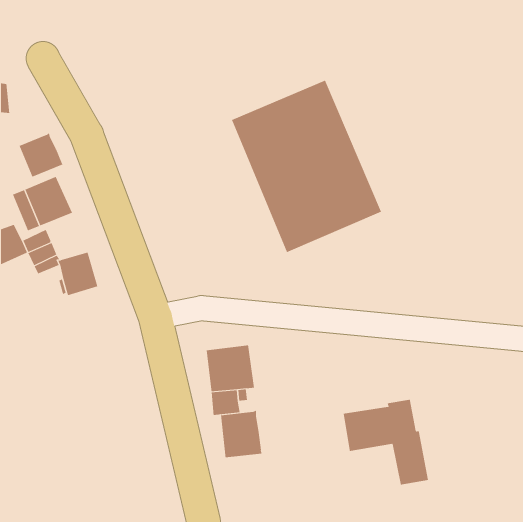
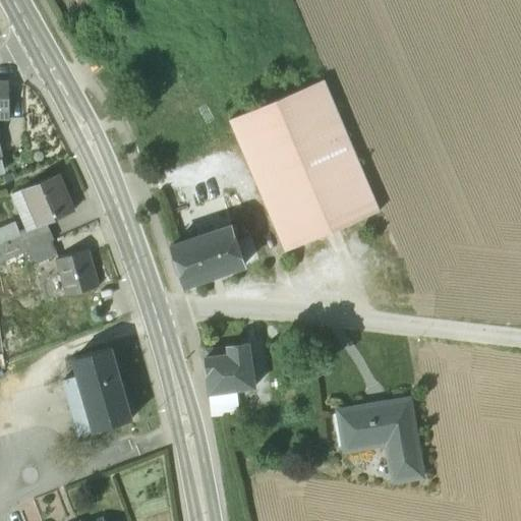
building: [19,132,63,178] -> none
building: none -> [171,227,244,285]
building: none -> [62,347,132,435]
building: [220,410,262,458] -> none

